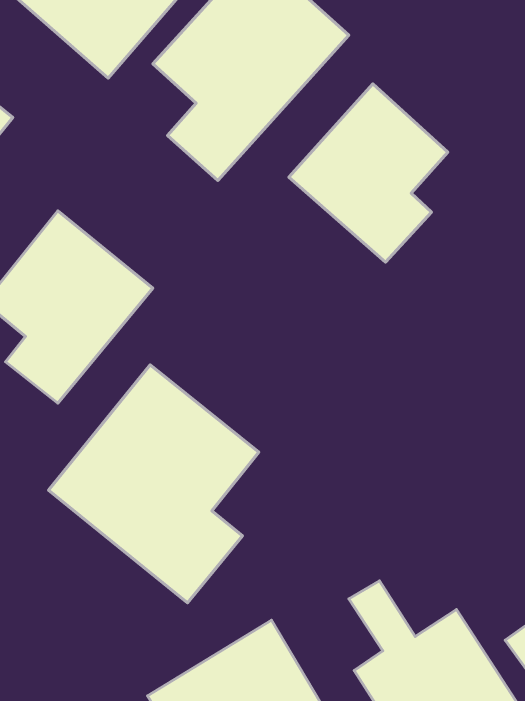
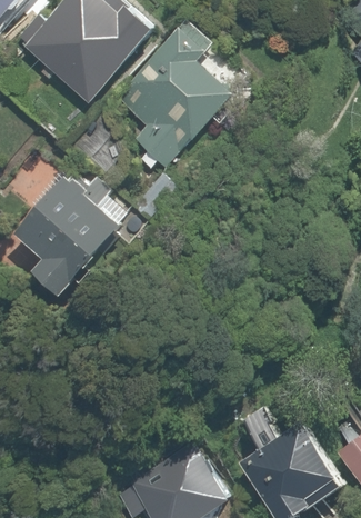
building: [289,84,448,262] -> none
building: [48,365,259,603] -> none

